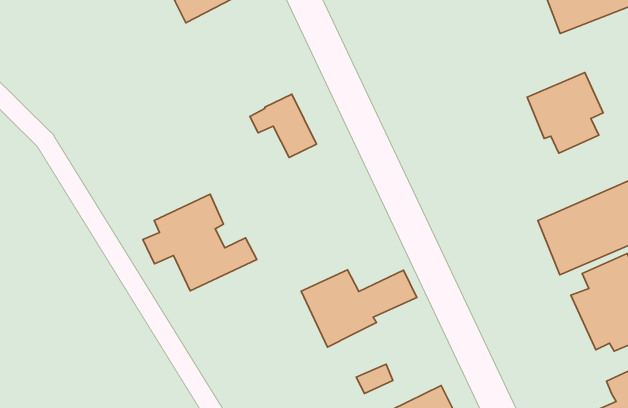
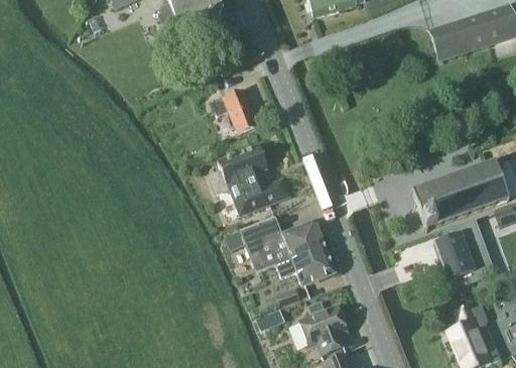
building: [527,72,603,153] -> none
building: [143,194,257,291] -> [210,145,290,214]
building: none -> [276,240,336,285]

